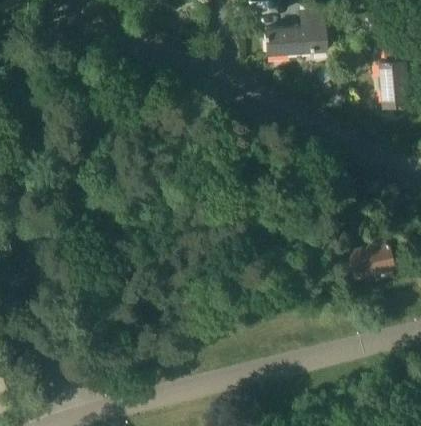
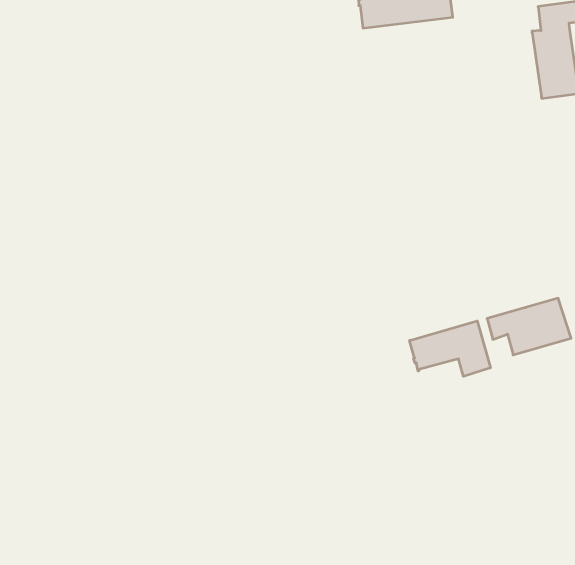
building: none -> [410,321,490,376]

